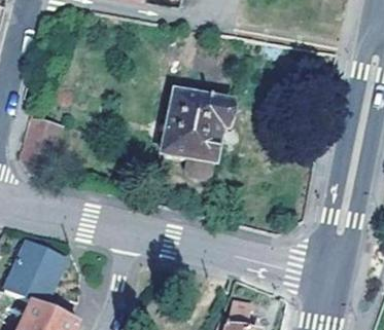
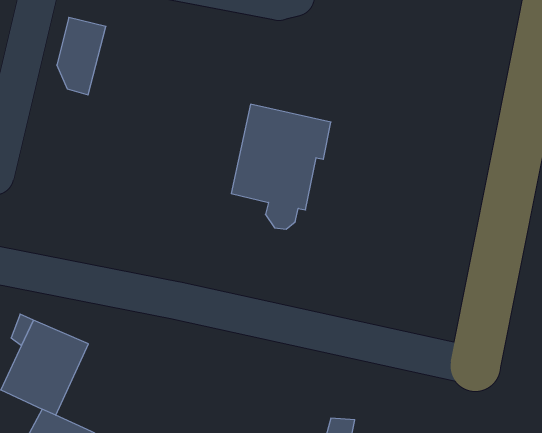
building: [25,120,59,174] -> [57,17,106,95]

